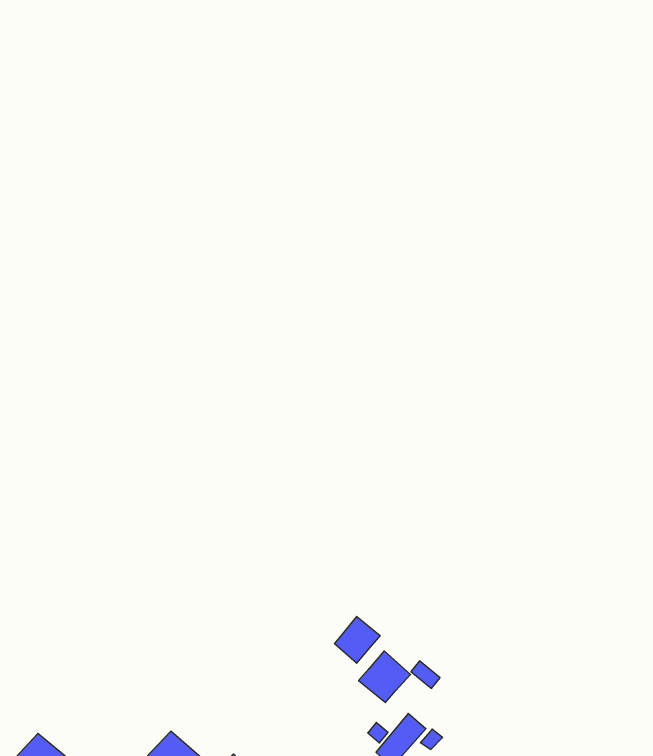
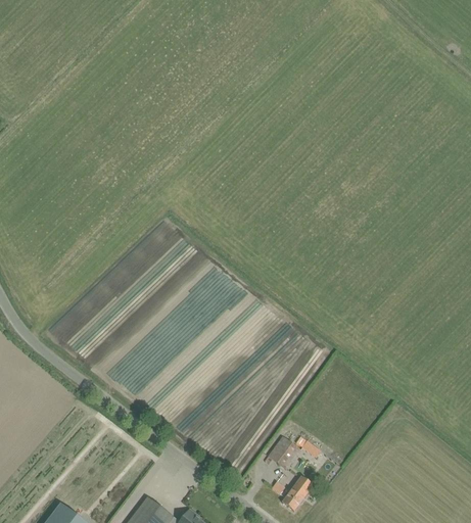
building: [335,616,380,663] -> none

